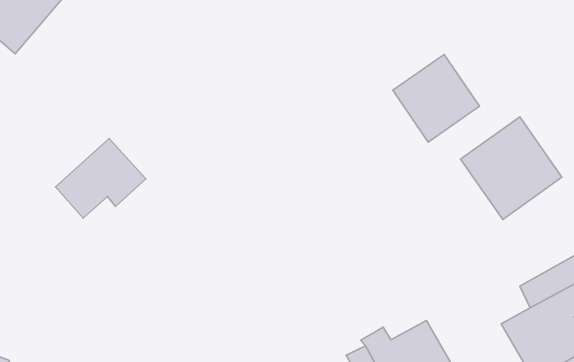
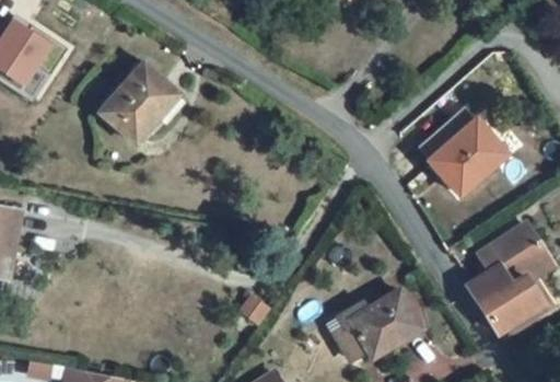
building: [393,54,480,142] -> none
building: [56,139,146,218] -> [100,61,175,131]

